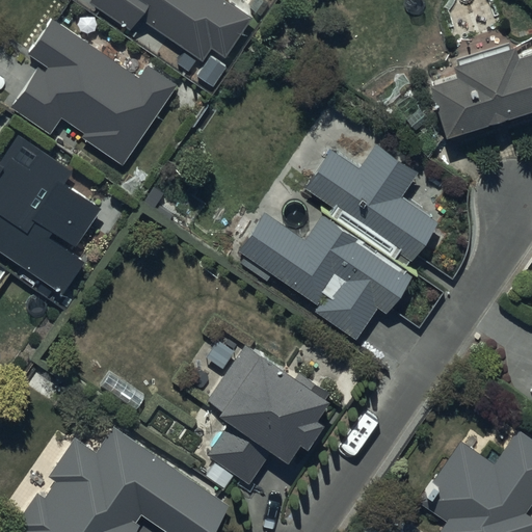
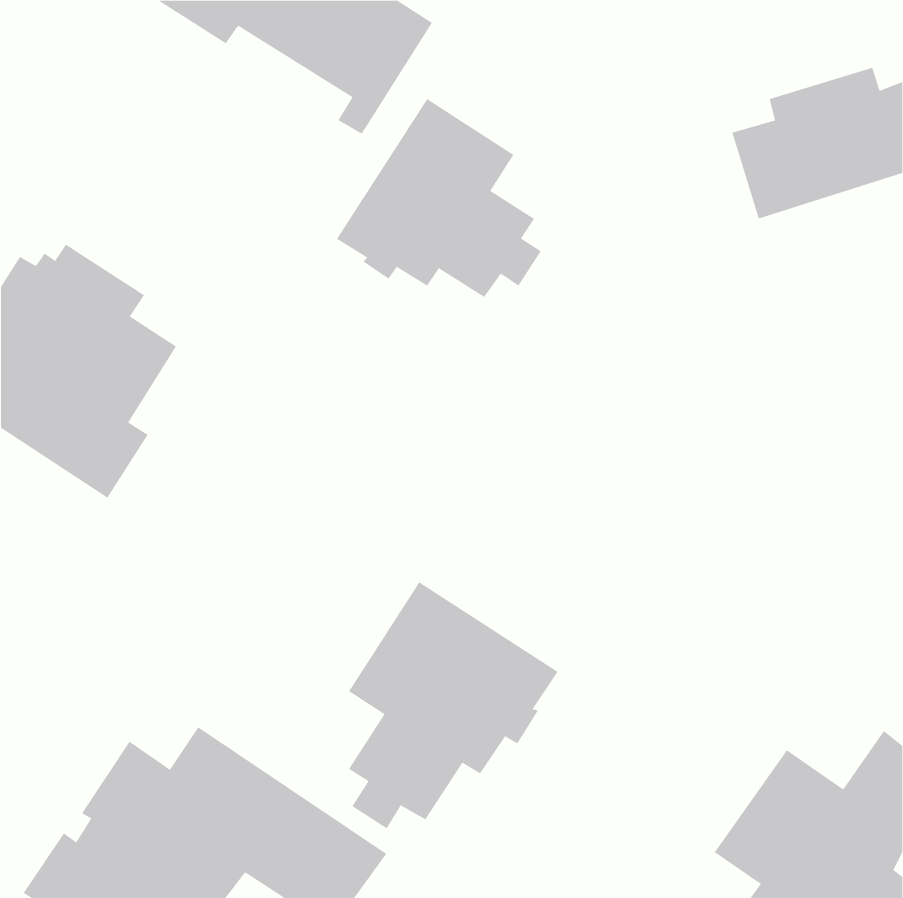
building: [15,19,177,163] -> none
building: none -> [336,98,542,298]
building: [238,144,437,339] -> none

